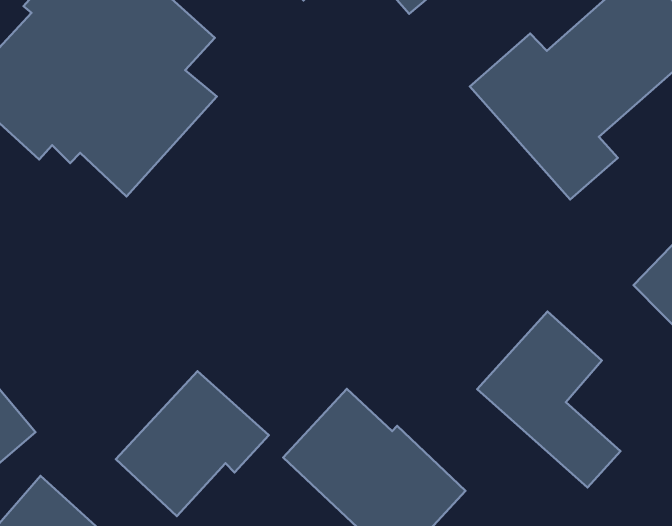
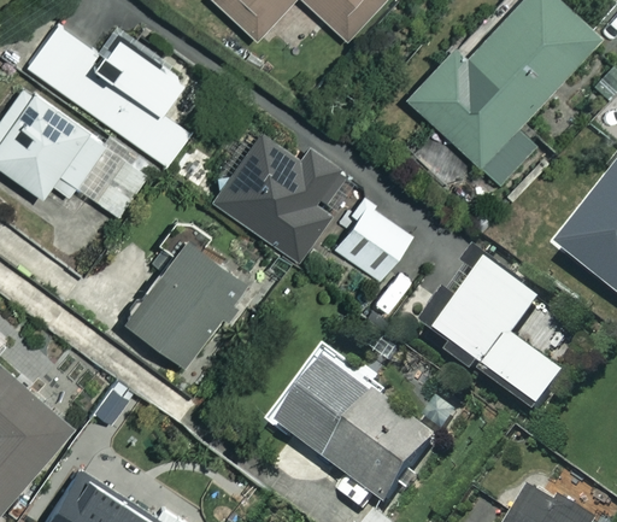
building: none -> [211,129,355,258]
building: none -> [333,201,412,281]
building: [116,371,269,516] -> [125,236,252,360]

